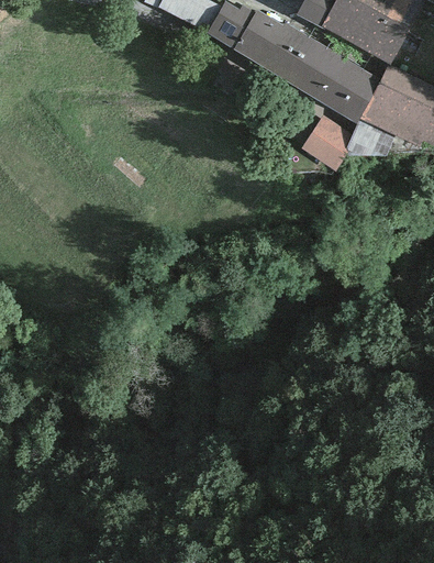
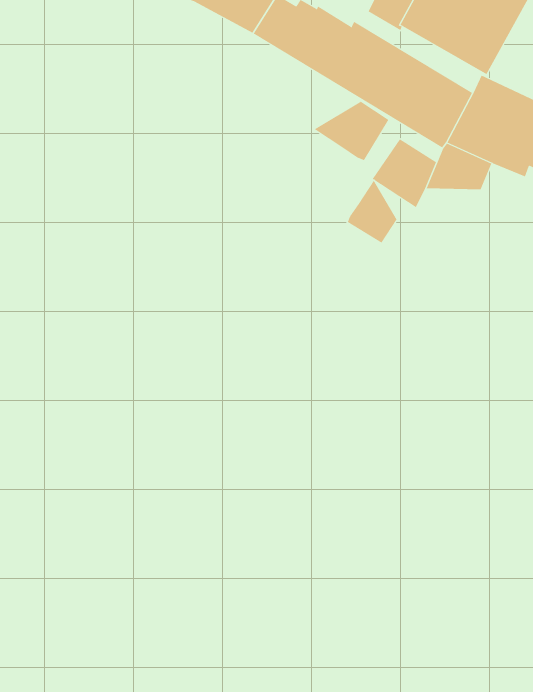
building: none -> [313,101,389,161]
building: none -> [347,180,397,244]

